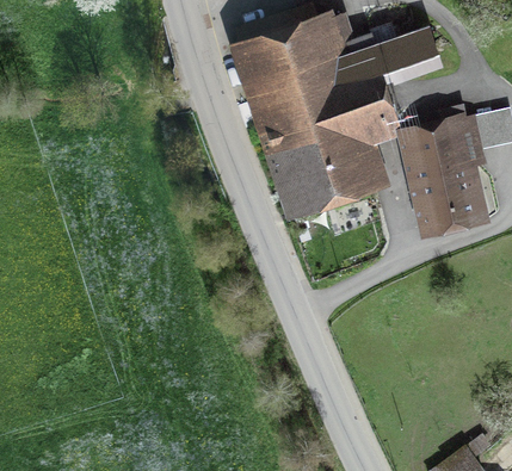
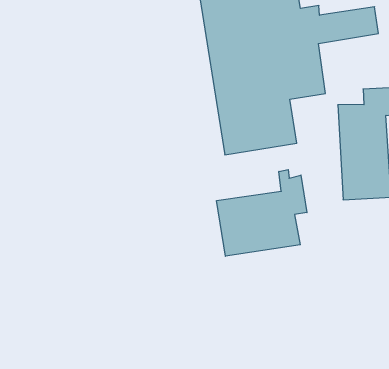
building: none -> [217,170,307,256]

